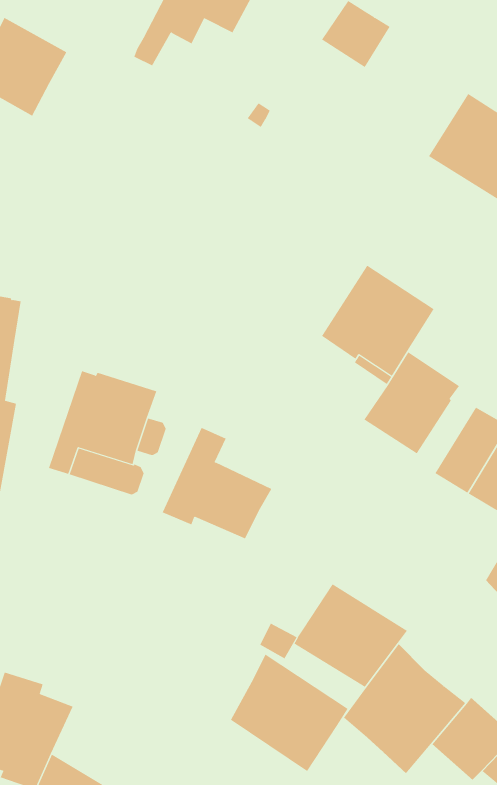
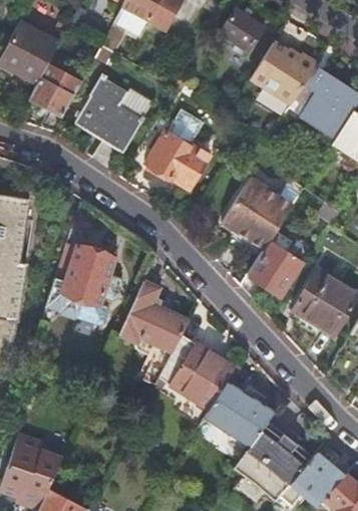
building: none -> [250,42,317,103]
building: none -> [28,62,80,132]
building: none -> [75,73,151,151]
building: none -> [146,108,210,189]
building: [230,654,349,772] -> [158,334,234,410]

